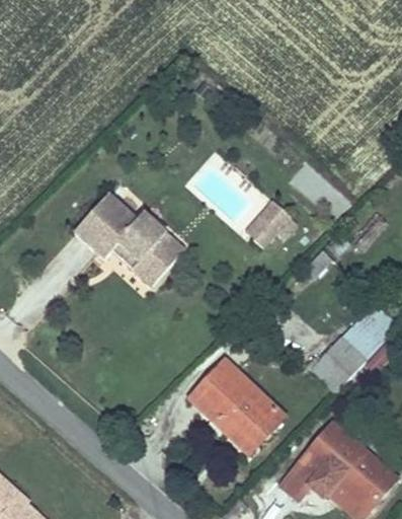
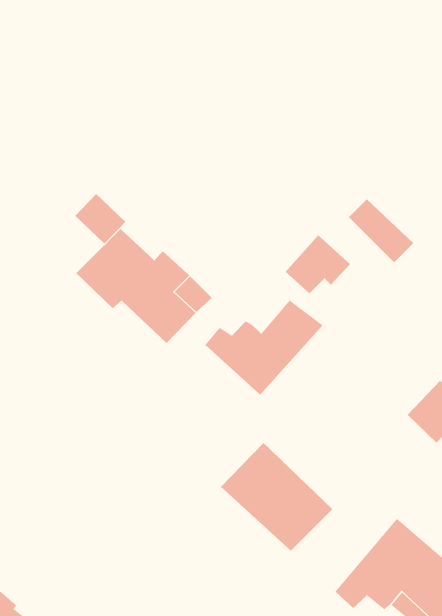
building: none -> [74,193,126,244]
building: none -> [205,300,323,395]
building: [312,341,366,396] -> none

